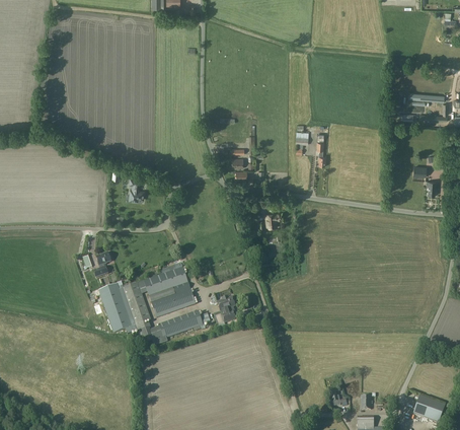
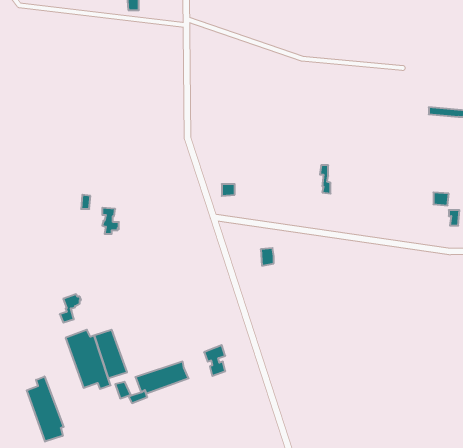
building: [143,267,196,317] -> none
building: none -> [27,376,64,442]

